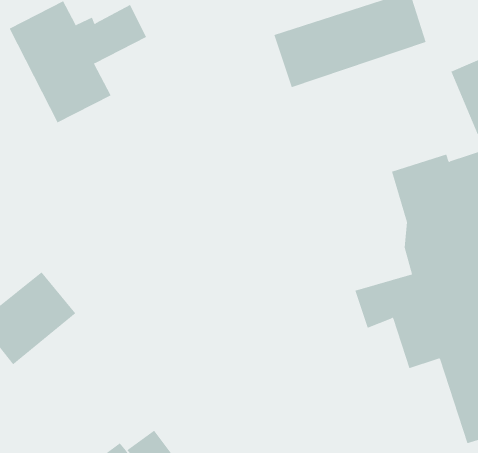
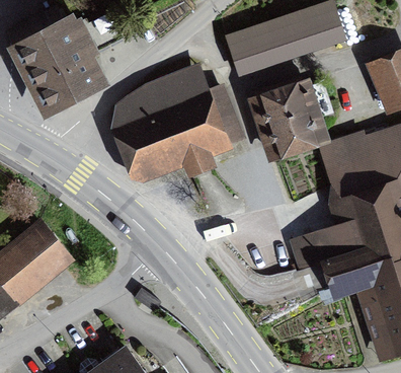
building: none -> [109,62,246,182]
building: none -> [246,77,331,164]

